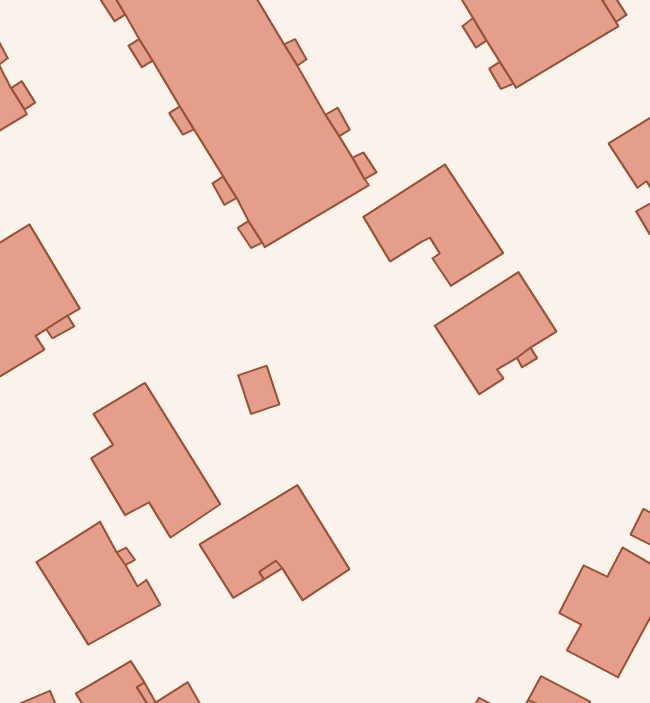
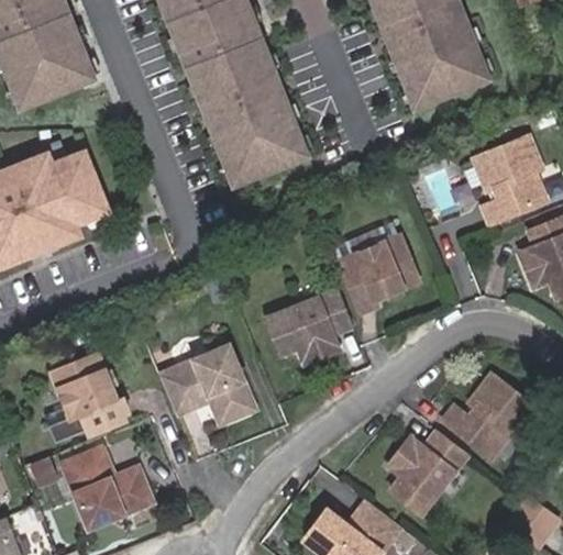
building: [363,164,503,286] -> none
building: none -> [266,288,353,363]
building: [91,383,220,538] -> none

